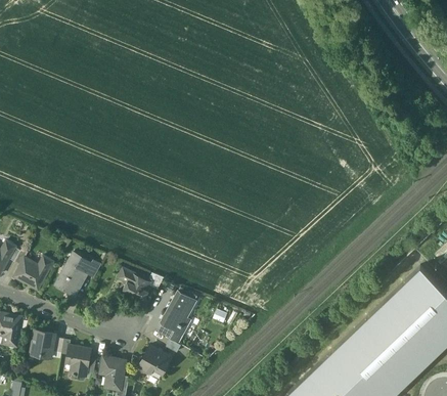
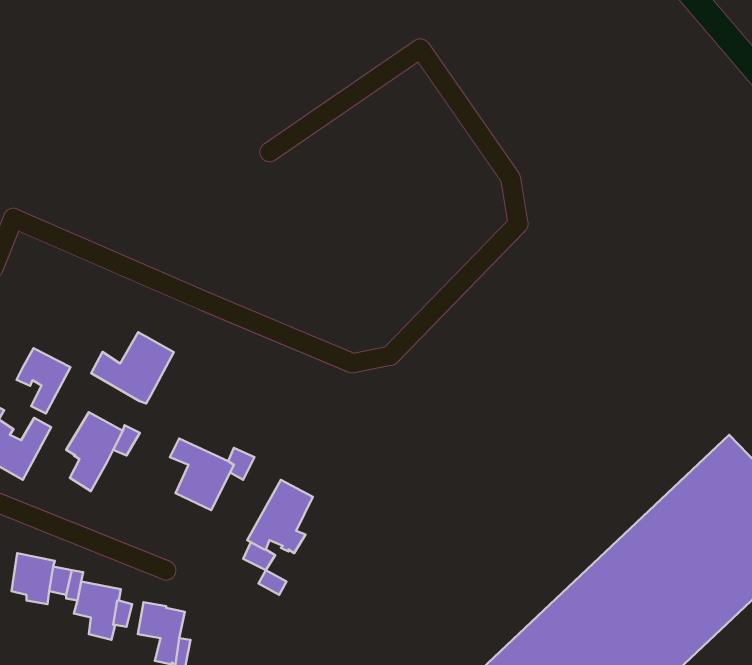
building: none -> [91,332,174,404]
building: none -> [17,348,71,414]
building: [139,347,172,376] -> none

